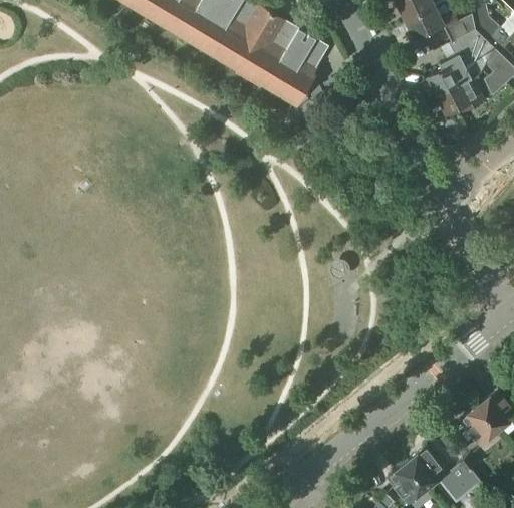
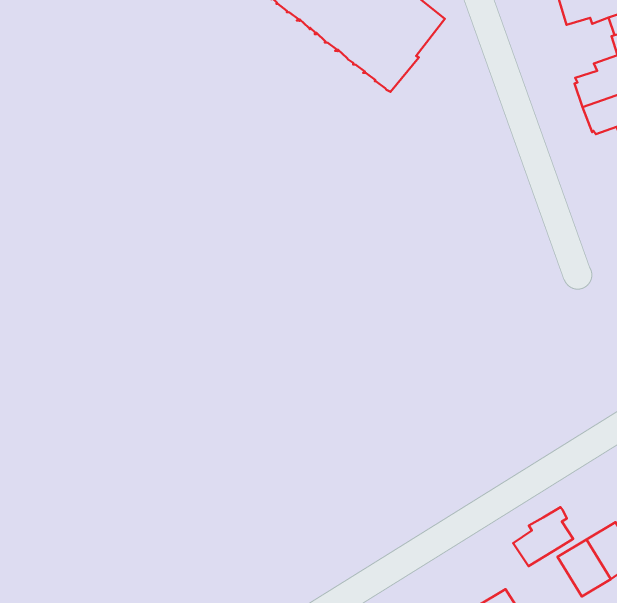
building: none -> [513,507,573,566]

